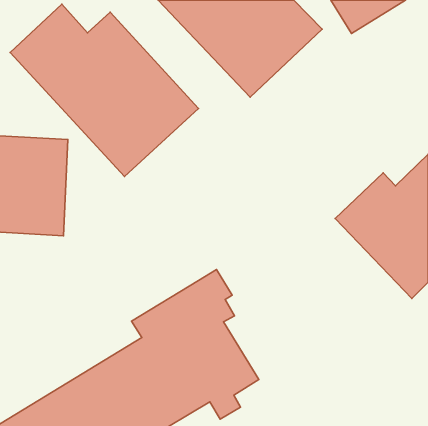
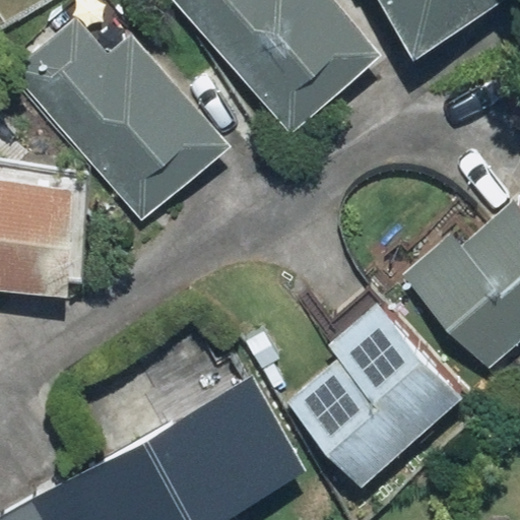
building: none -> [286,292,464,484]

